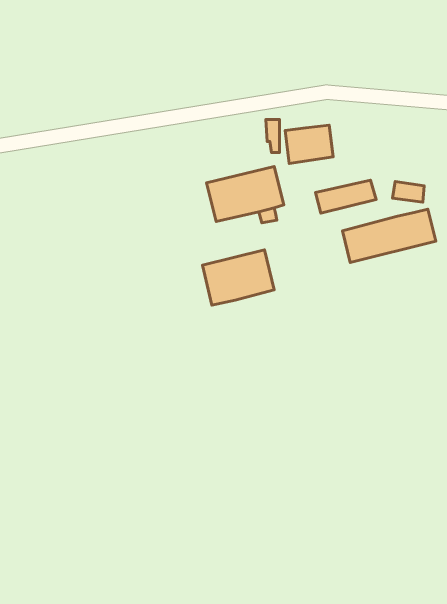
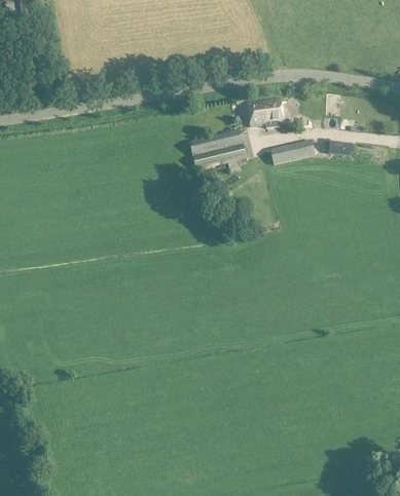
building: [342,209,436,263] -> none
building: [202,250,274,305] -> none

